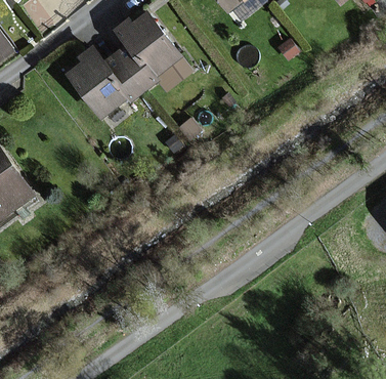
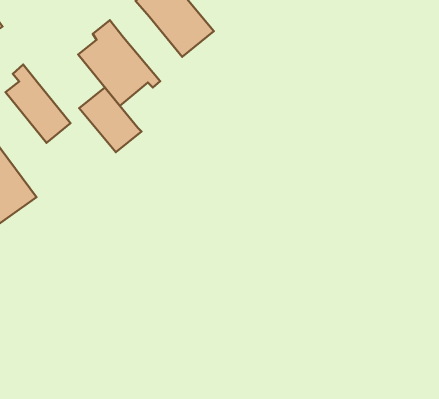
building: [108,42,160,96] -> [79,87,141,152]
building: none -> [5,64,71,143]

